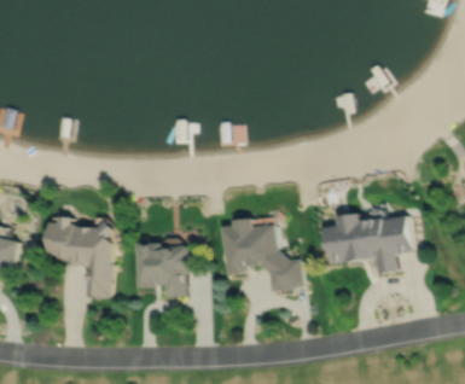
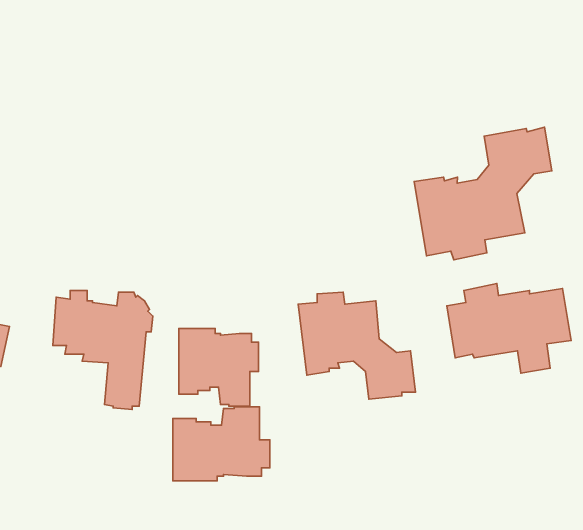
building: none -> [414,127,552,260]
building: none -> [173,407,270,481]

